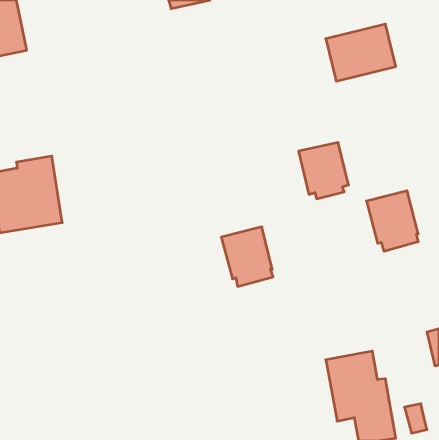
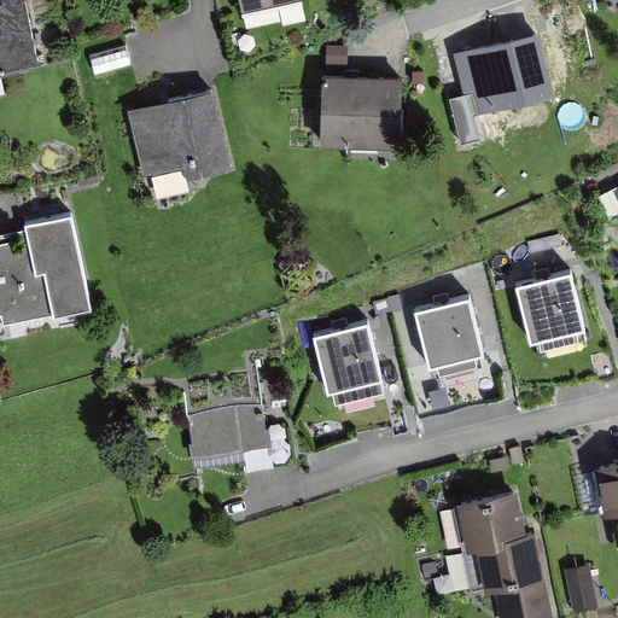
building: none -> [322,76,404,148]
building: none -> [126,94,229,192]
building: [299,143,349,199] -> [412,295,482,373]
building: none -> [185,402,269,457]

